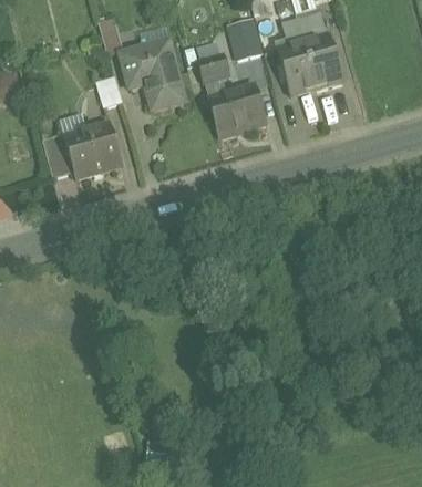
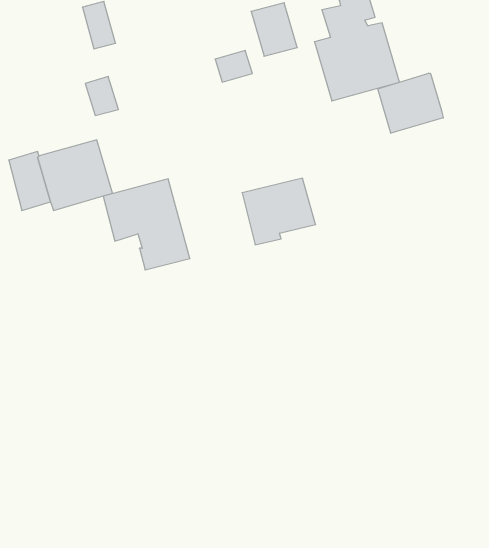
building: [120,40,186,110] -> [103,179,190,270]
building: none -> [378,73,443,133]
building: [209,86,266,137] -> [242,178,316,245]

